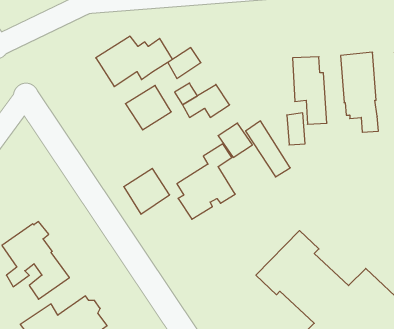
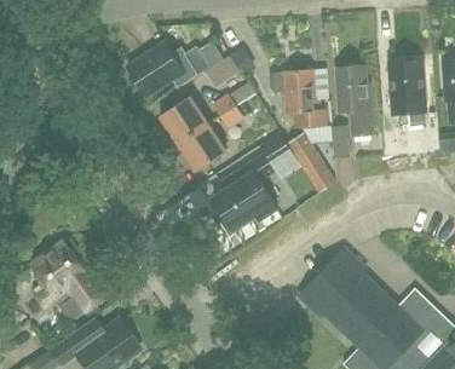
building: none -> [271,69,328,128]
building: [124,168,170,214] -> [179,123,228,172]

